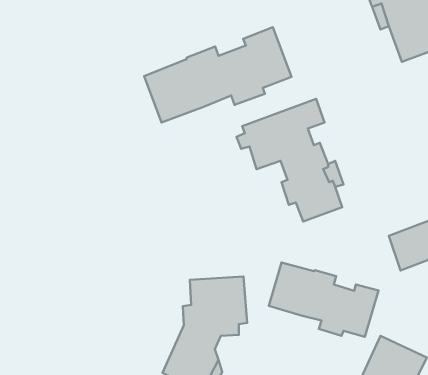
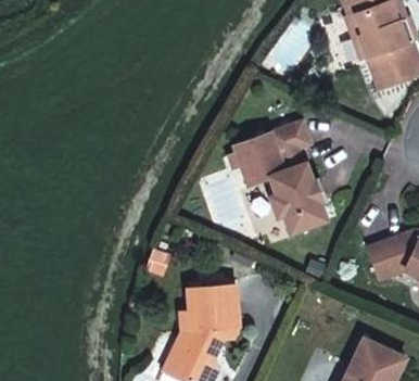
building: [144,27,291,123] -> none
building: [269,263,379,337] -> none

